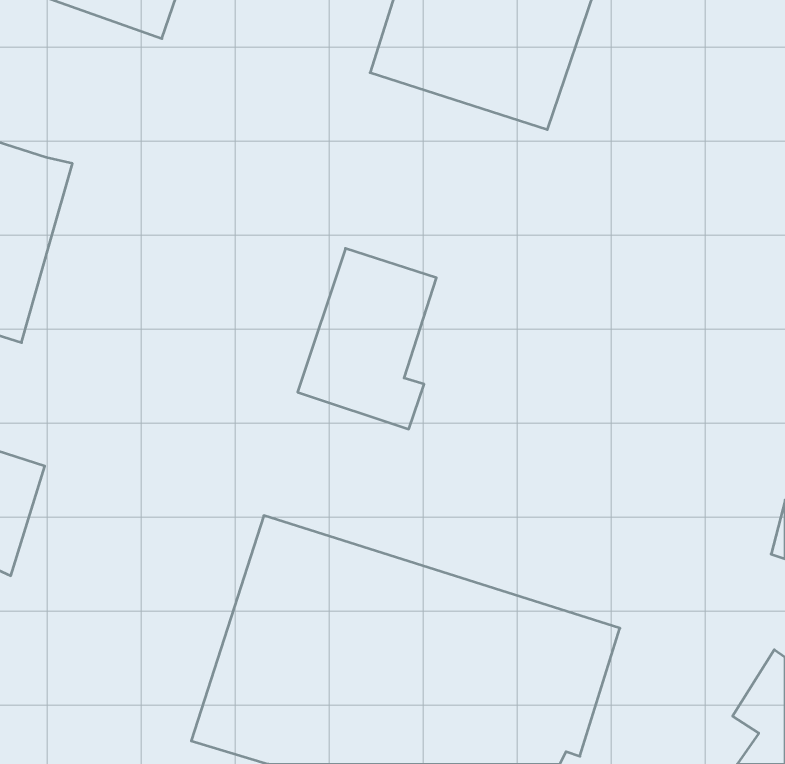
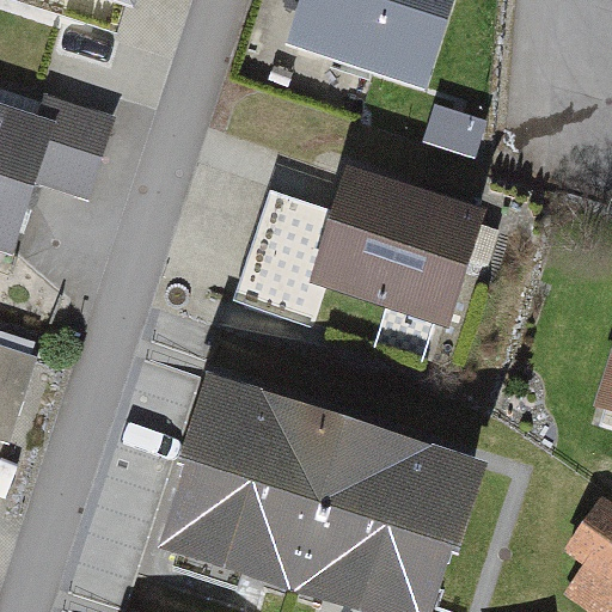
building: none -> [36,97,115,203]
building: none -> [313,182,483,333]

